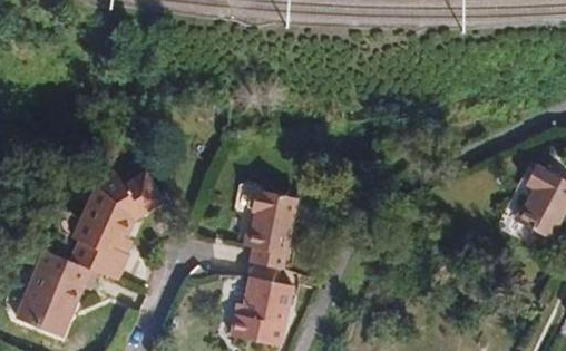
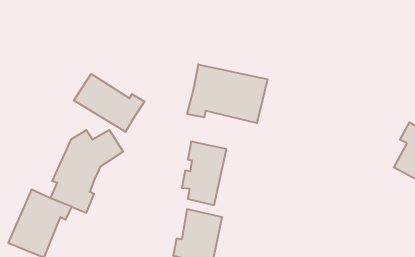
building: none -> [187,64,268,123]
building: none -> [74,74,144,132]

